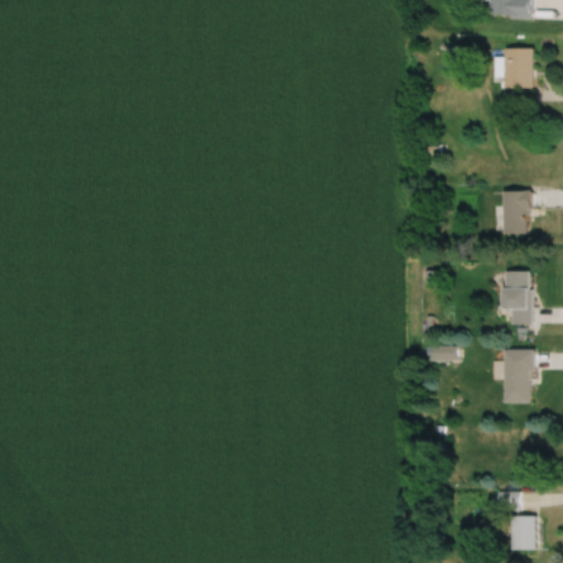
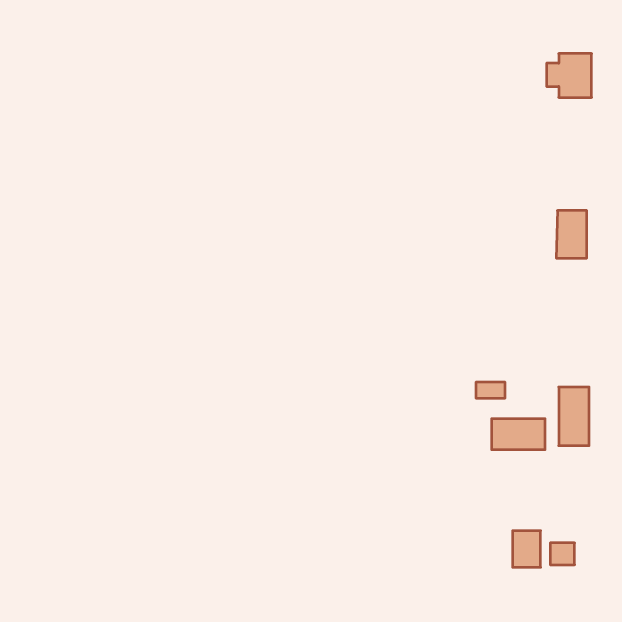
building: [504,271,531,324] -> none
building: none -> [492,419,545,450]
building: [511,516,537,549] -> [513,531,541,567]

